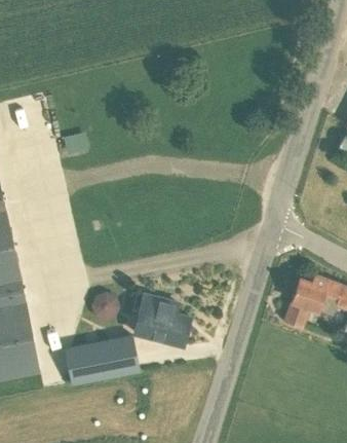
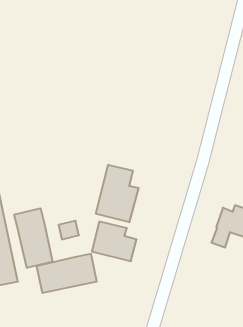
building: none -> [96,165,138,222]
building: none -> [14,208,52,268]

